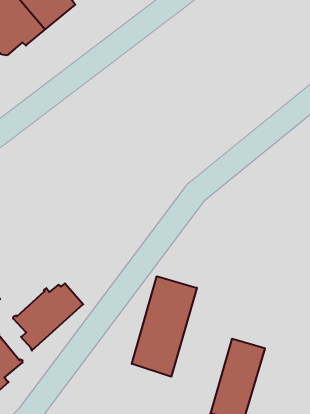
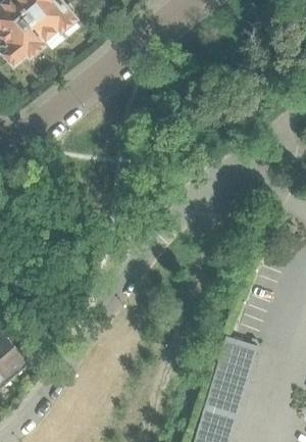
building: [132,276,197,377] -> none
building: [13,283,83,351] -> none

